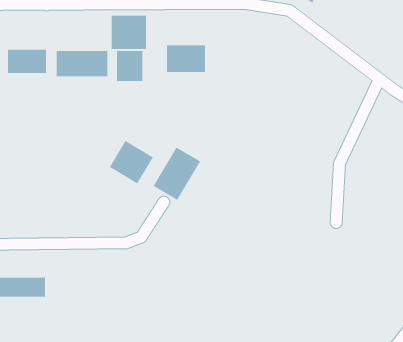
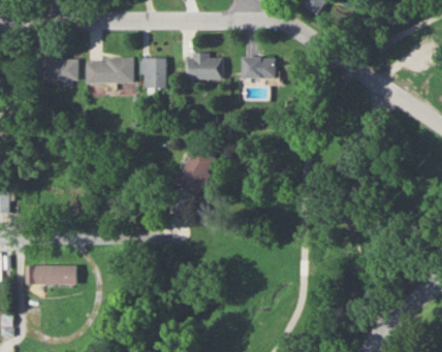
building: [111,15,147,50] -> none
building: none -> [242,58,274,78]
building: [109,140,154,184] -> none

